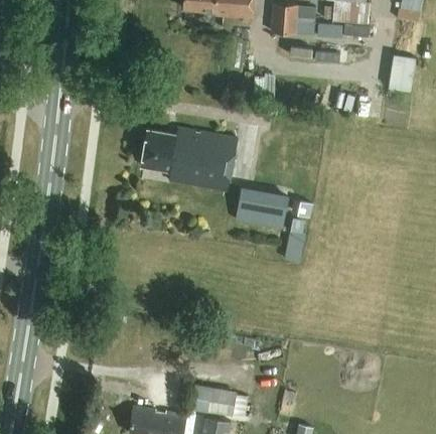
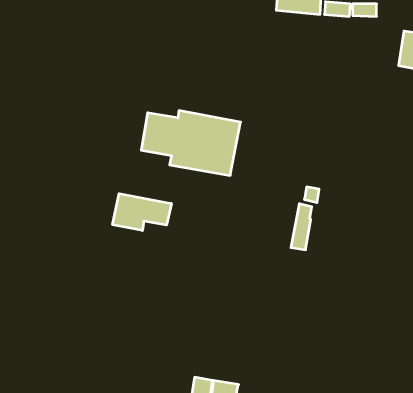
building: [236,189,288,228] -> none
building: none -> [113,194,171,231]

